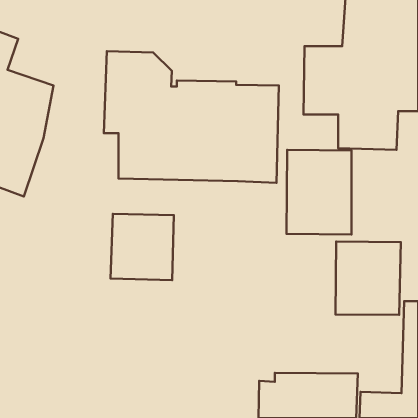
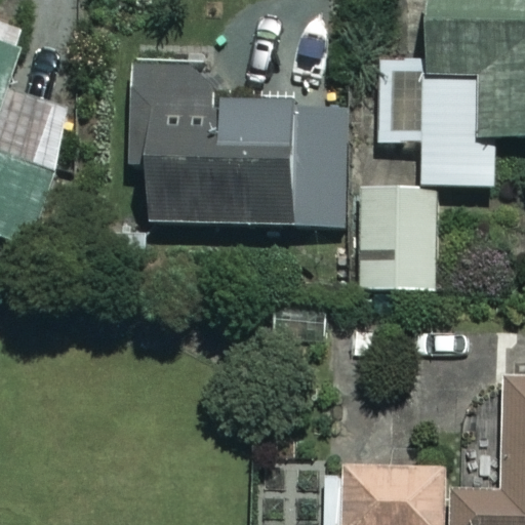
building: [110,214,174,280] -> none
building: [335,242,401,315] -> none

